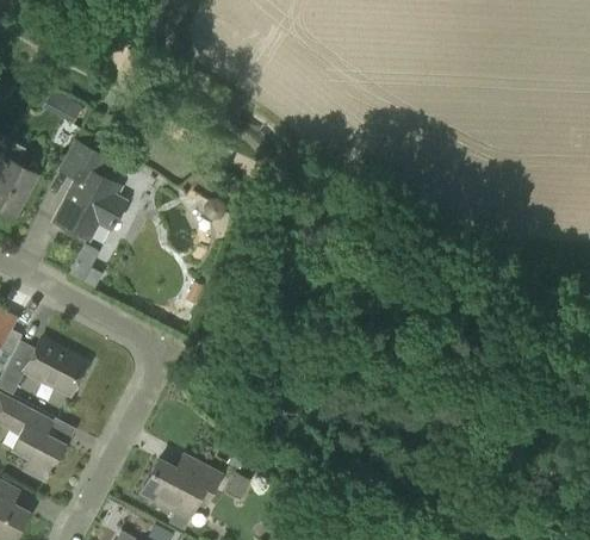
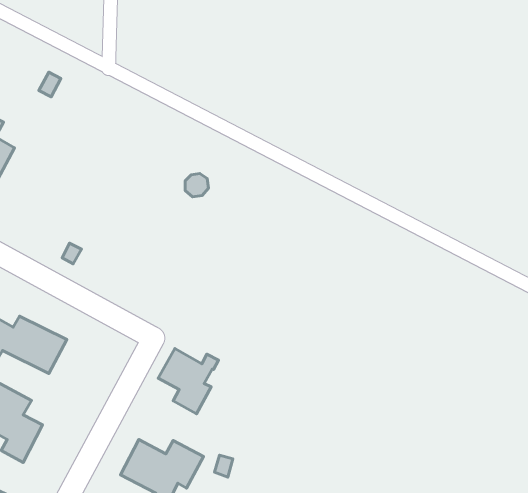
building: [54,141,120,238] -> none
building: none -> [158,349,219,414]

